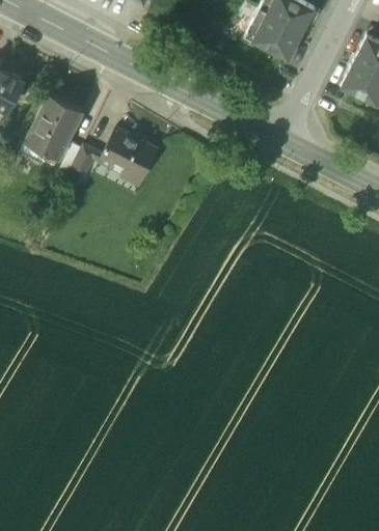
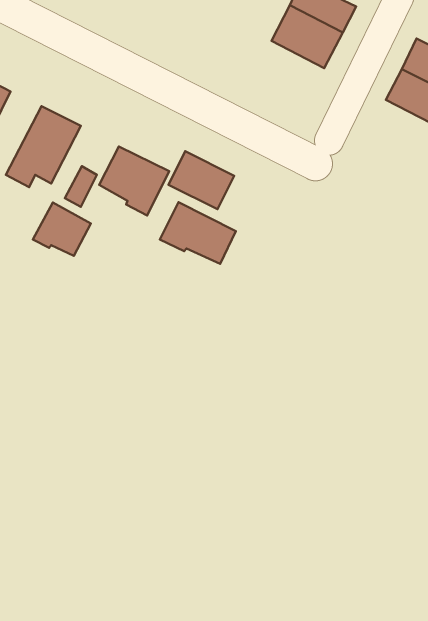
building: none -> [169,151,234,209]
building: none -> [160,202,236,264]
building: none -> [33,203,91,256]

